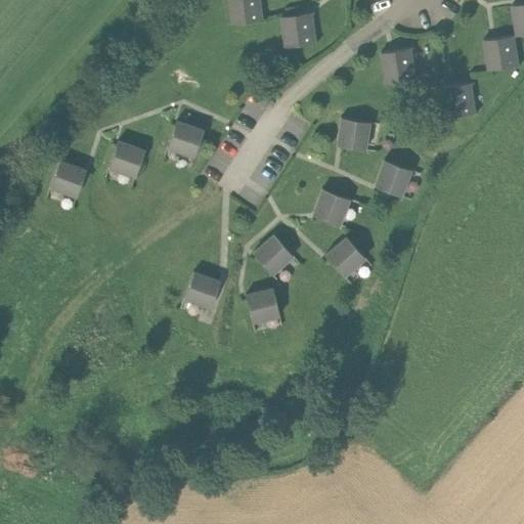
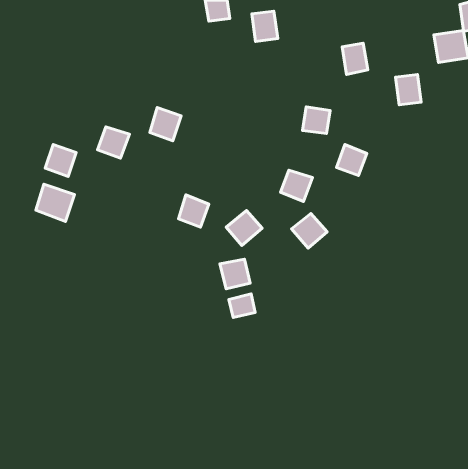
building: none -> [36,184,74,222]
building: [186,273,220,309] -> [179,195,209,227]
building: none -> [229,294,255,318]

